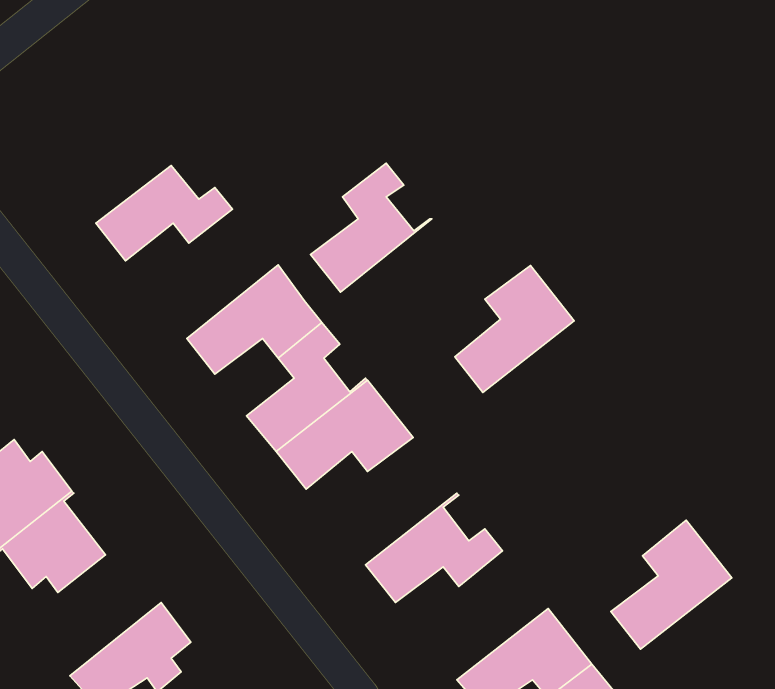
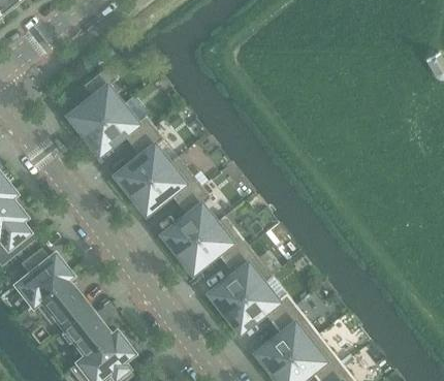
building: none -> [67,67,121,134]
building: [311,163,432,292] -> [114,127,177,194]
building: [455,265,574,392] -> [208,246,269,312]
building: [611,520,732,649] -> [254,305,317,372]
building: none -> [62,307,116,370]

